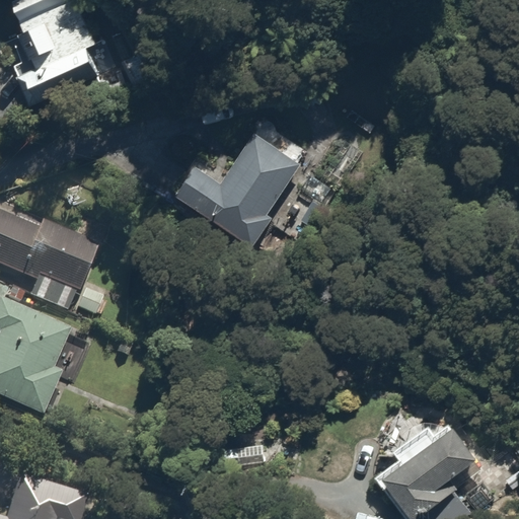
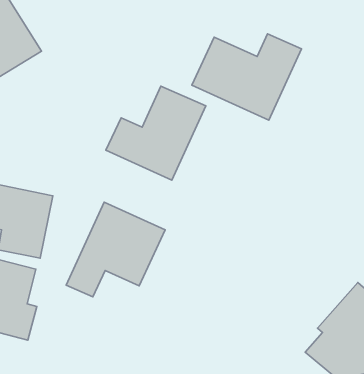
building: none -> [192,34,301,120]
building: none -> [66,202,165,297]

